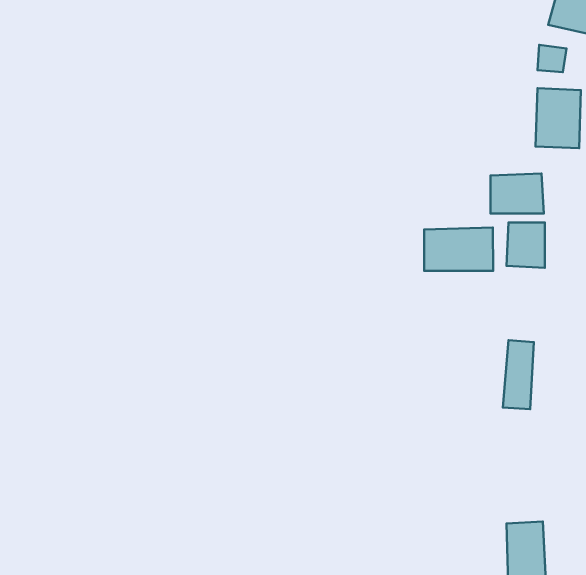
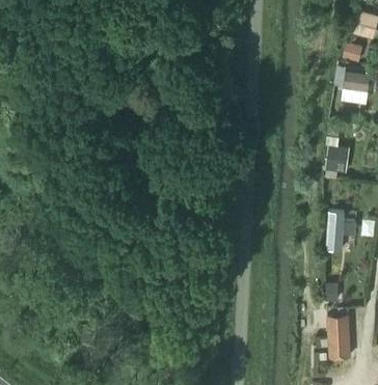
building: [491,174,544,214] -> none
building: [424,227,493,271] -> none

